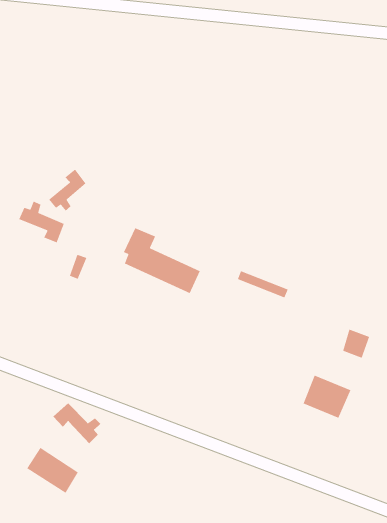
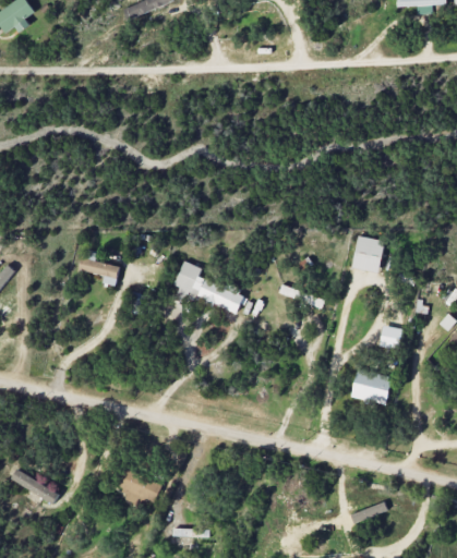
building: [48,169,86,212] -> none
building: none -> [351,235,385,274]
building: [52,402,101,444] -> none

